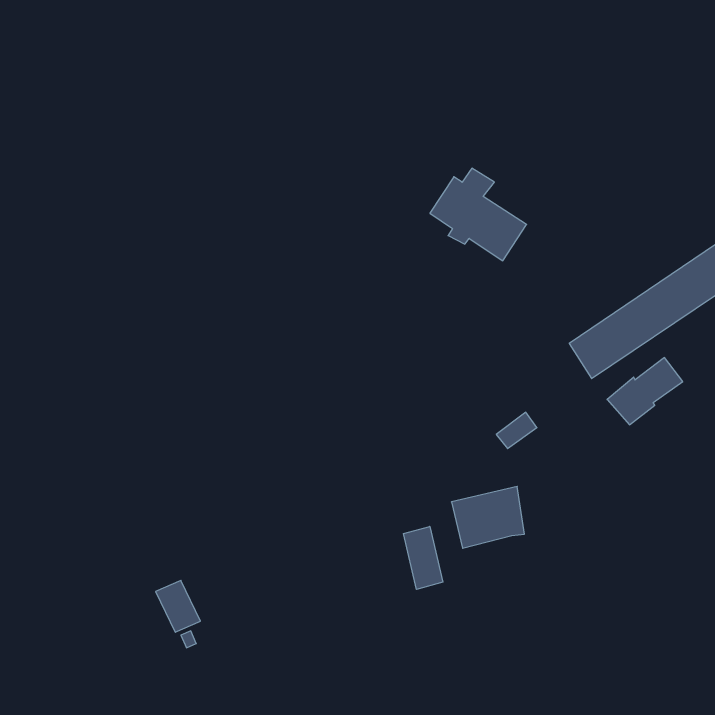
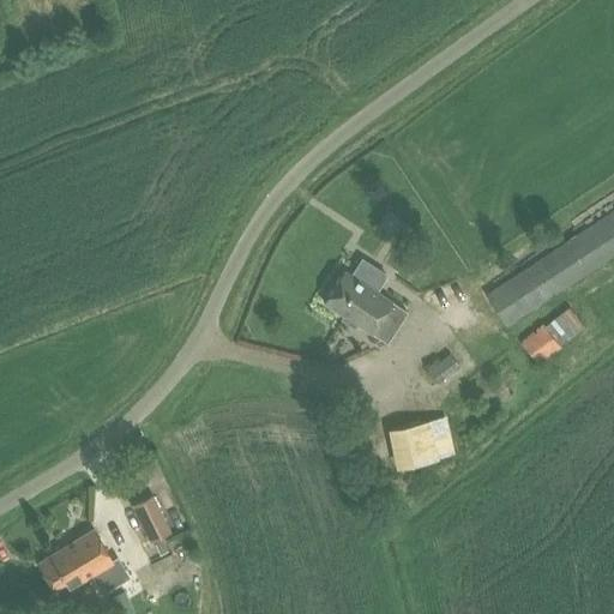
building: [430,168,527,261] -> [325,264,408,343]
building: [404,526,443,589] -> none
building: none -> [37,530,113,596]

